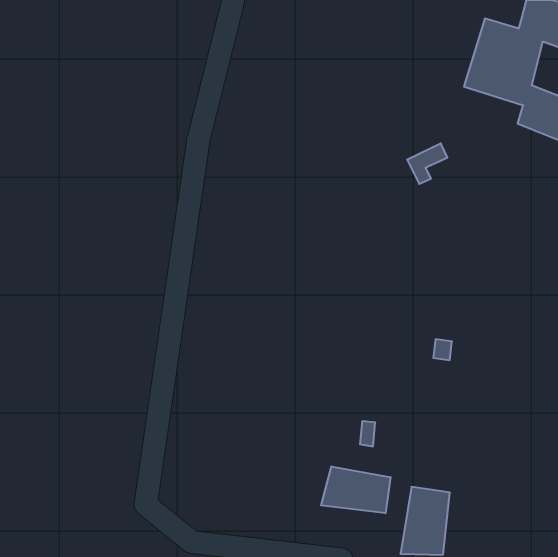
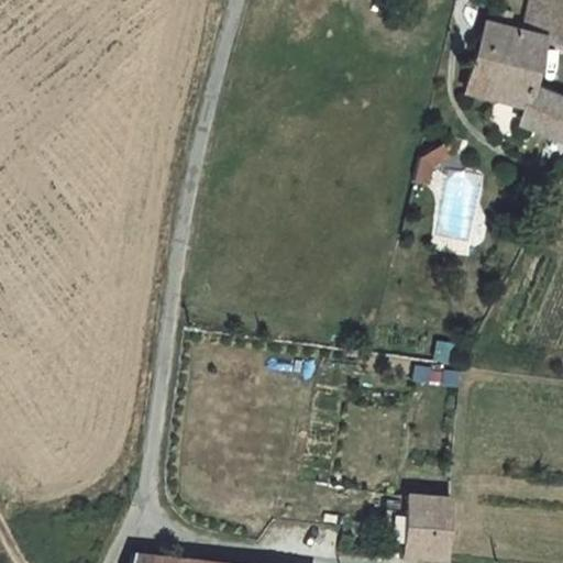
building: [321,466,391,513] -> none

